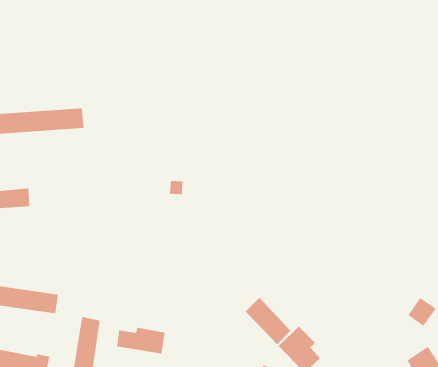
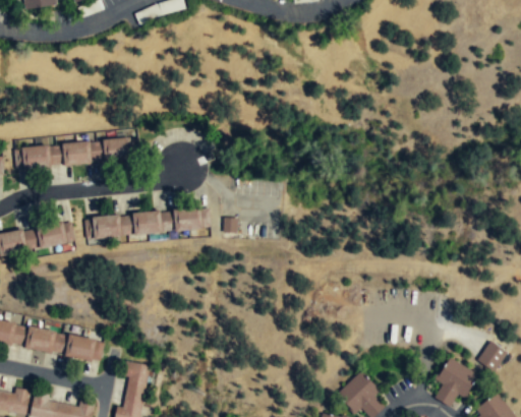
building: none -> [82,207,211,239]
building: [245,297,291,345] -> none
building: none -> [429,358,478,405]
building: [116,327,166,354] -> none

